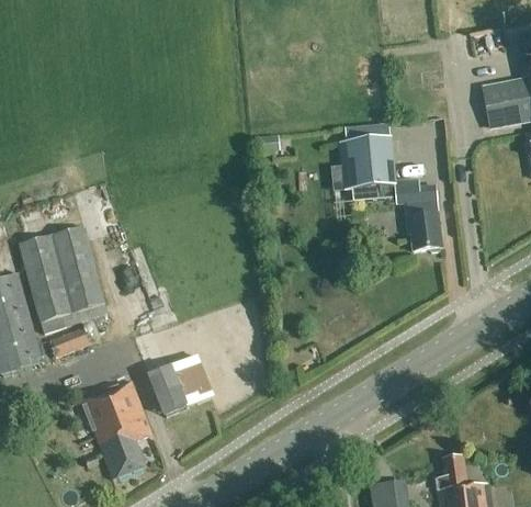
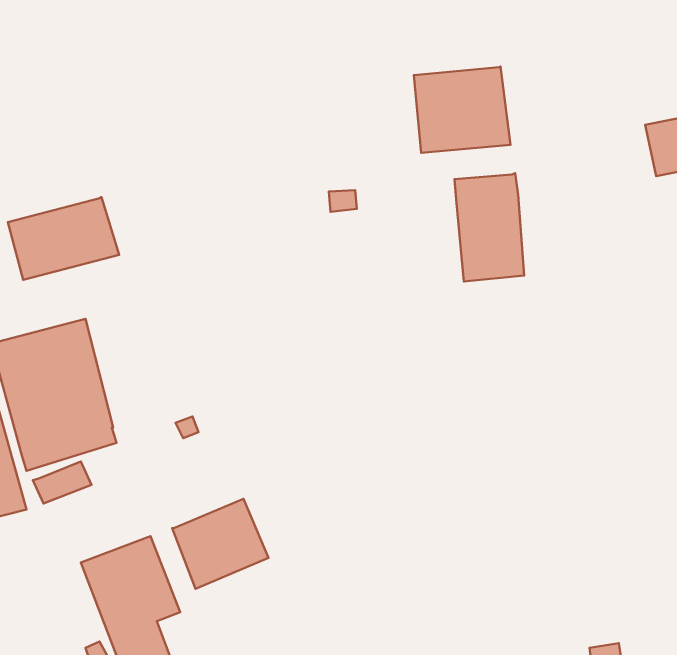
building: none -> [414,66,510,153]
building: none -> [8,197,119,280]
building: [403,185,441,249] -> none

